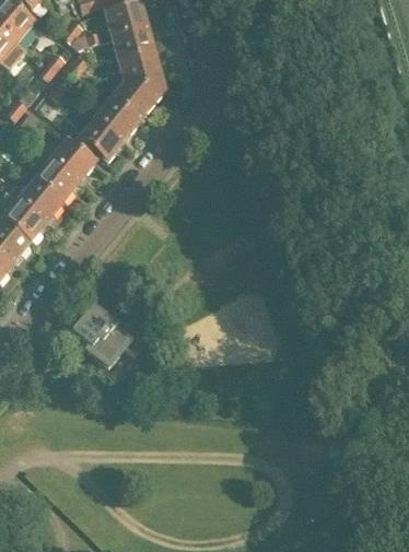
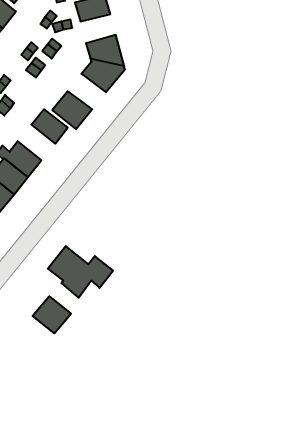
building: [110,24,153,59] -> none
building: [95,96,141,139] -> none
building: [35,157,80,200] -> none
building: none -> [33,296,71,333]

